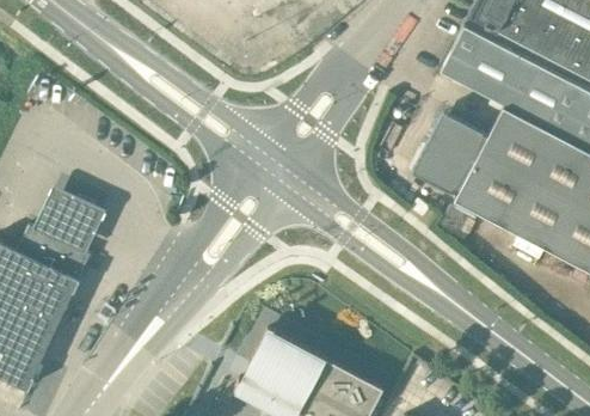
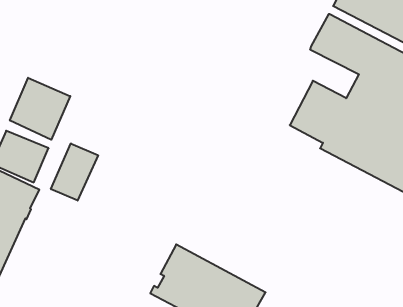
building: none -> [10,78,70,140]
building: none -> [51,143,98,201]

